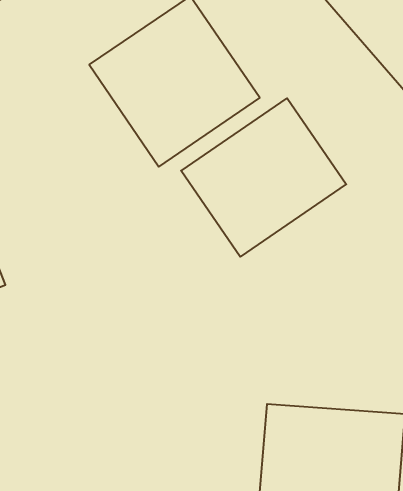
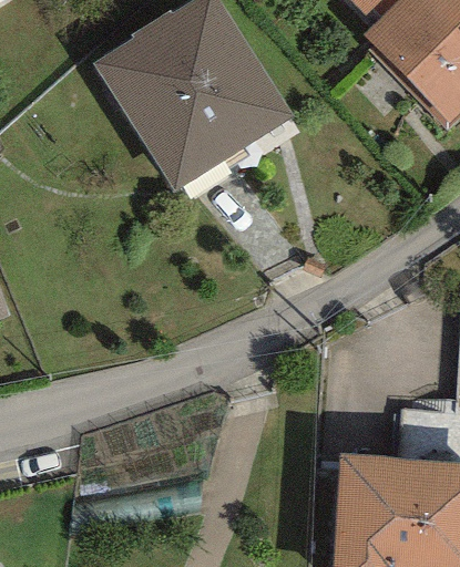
building: [181,98,346,257] -> none

